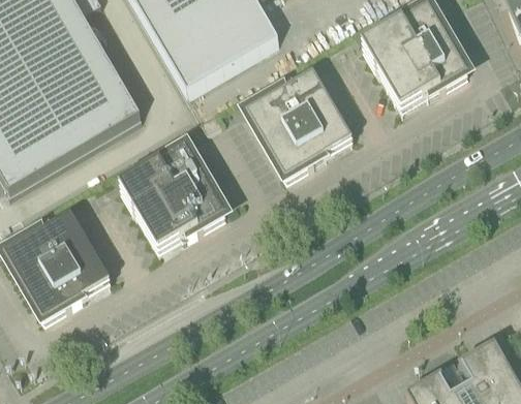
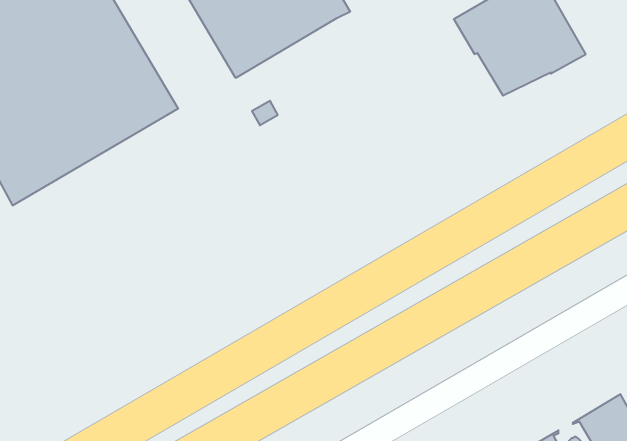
building: [248,72,348,176] -> none
building: [121,145,226,245] -> none
building: [6,212,106,317] -> none

